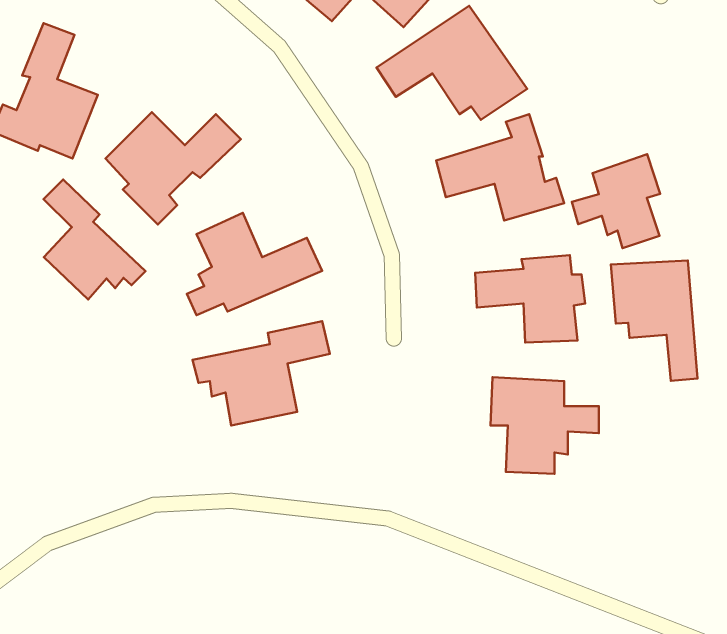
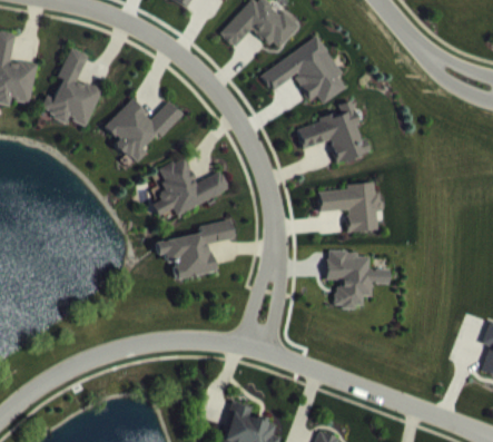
building: [572,154,660,248] -> none
building: [43,179,146,299] -> none
building: [611,261,697,381] -> none

